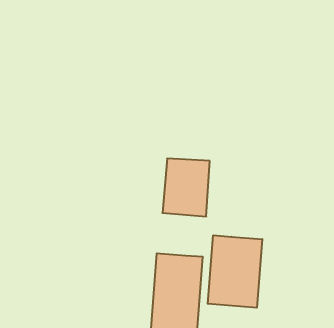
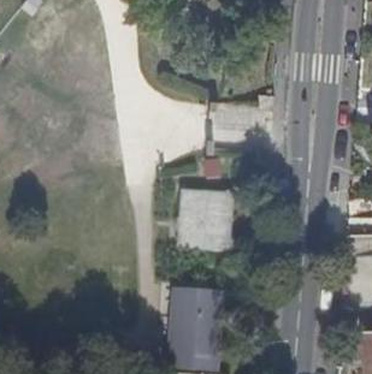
building: [208,235,262,308] -> none

